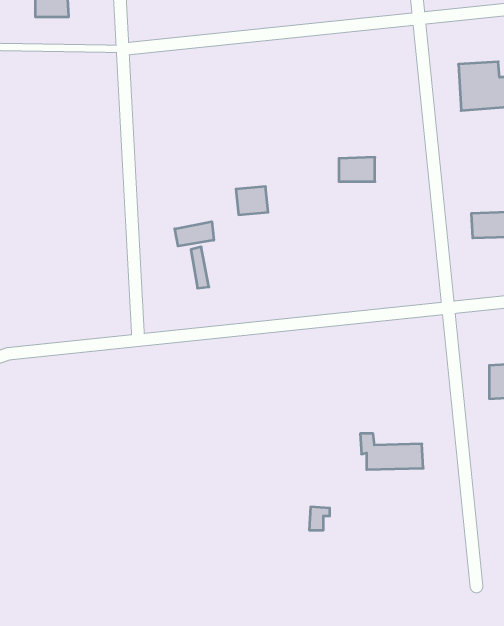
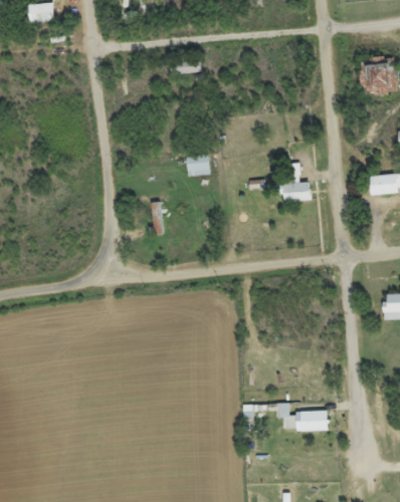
building: [339,157,375,182] -> [281,182,310,201]
building: [175,222,214,246] -> none
building: [360,434,423,470] -> [278,403,328,431]

